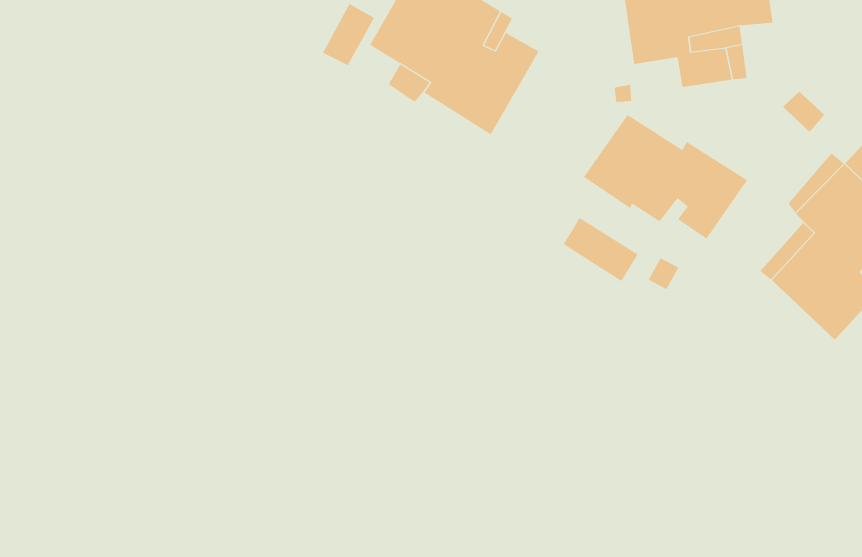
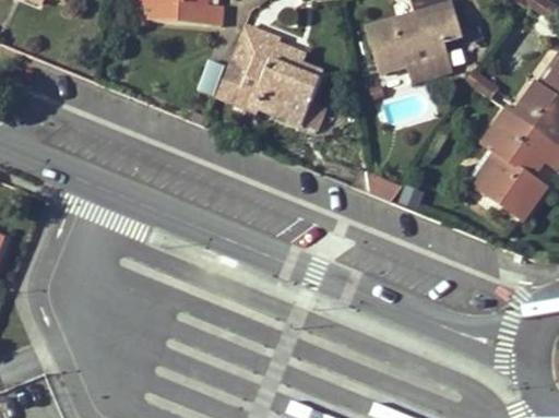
building: [583,114,748,240] -> none

